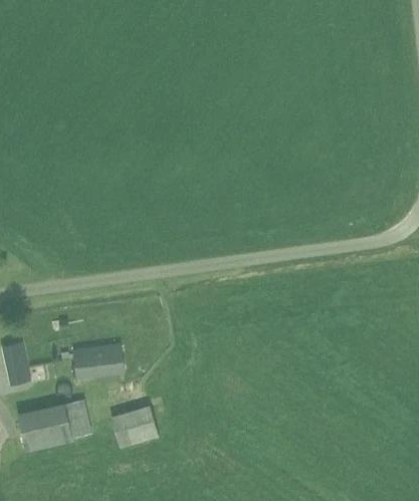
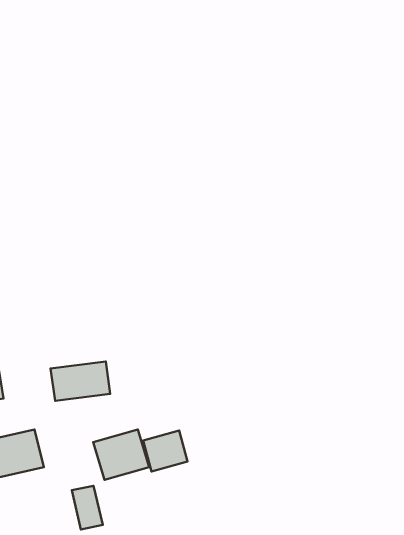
building: [63,400,90,438] -> [72,486,103,529]
building: none -> [143,430,187,472]

